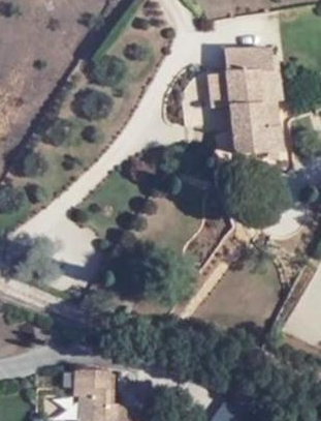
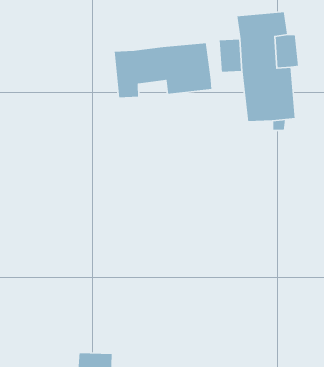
building: none -> [114,43,212,98]

